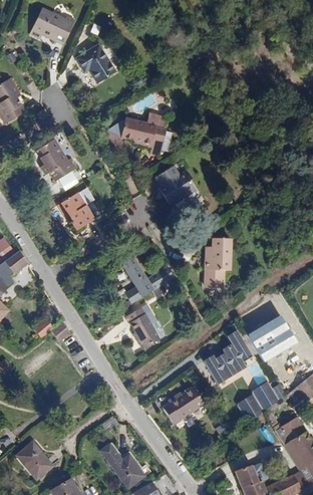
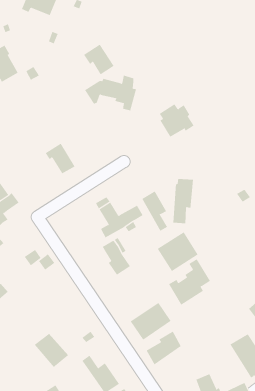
building: [76,45,113,82] -> [83,44,114,75]
building: [35,141,77,184] -> none
building: [154,166,197,206] -> [159,104,194,138]
building: none -> [141,190,168,231]
building: [249,315,298,362] -> [157,232,199,272]
building: [237,380,279,420] -> [146,331,182,365]
building: [14,440,55,481] -> [34,333,69,368]

